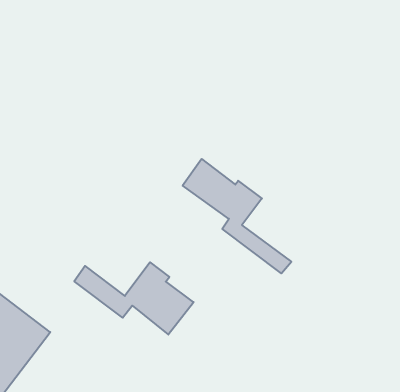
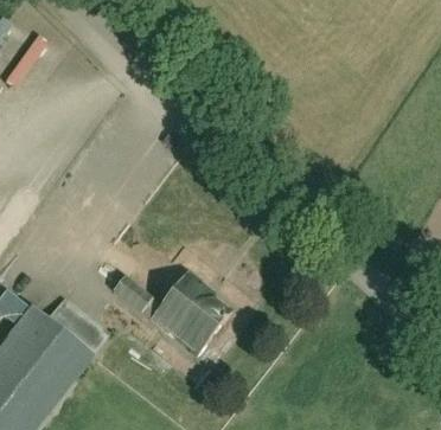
building: [183,159,291,273] -> none

